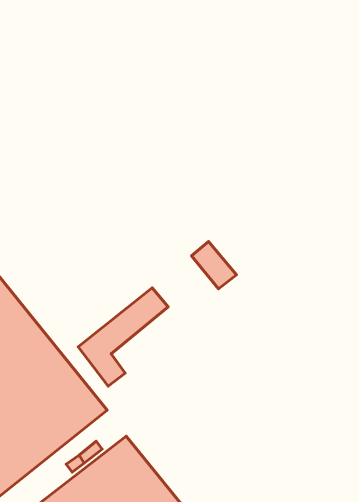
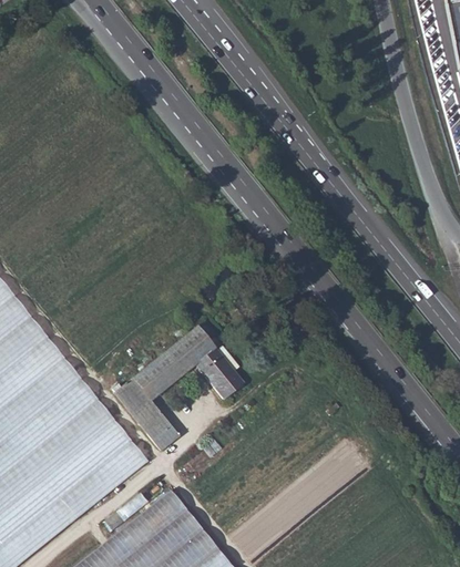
building: [192,242,237,289] -> [196,347,246,399]
building: none -> [149,420,181,450]

